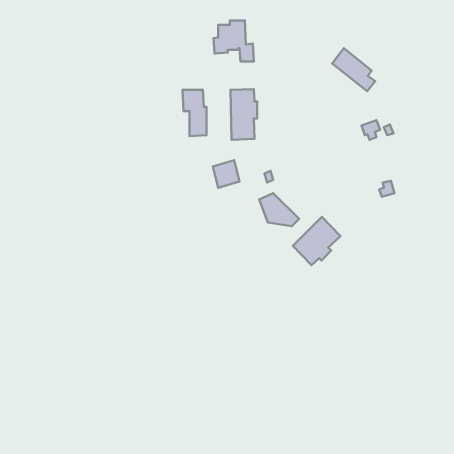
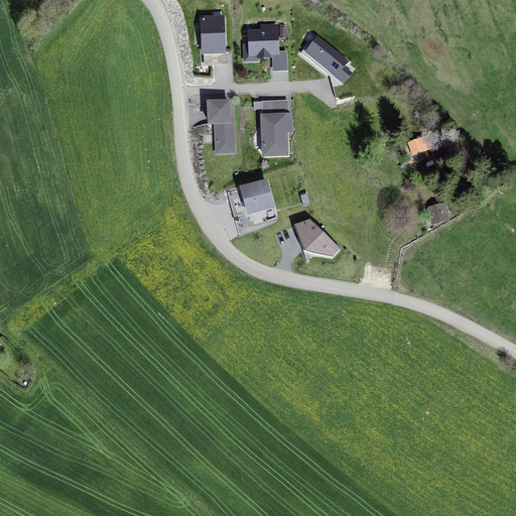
building: none -> [201,18,224,62]
building: [332,48,375,91] -> [303,34,352,83]
building: [293,217,340,265] -> none

